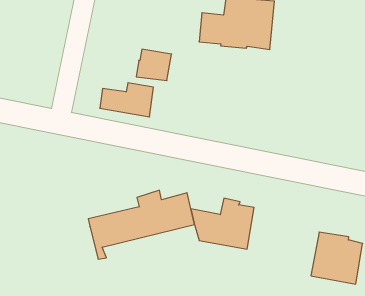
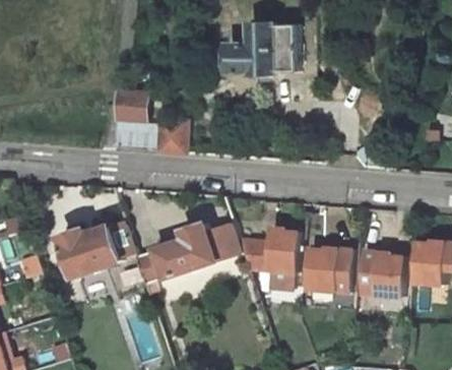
building: [136,49,172,81] -> [114,91,146,120]
building: none -> [59,226,136,278]
building: none -> [303,246,351,293]

